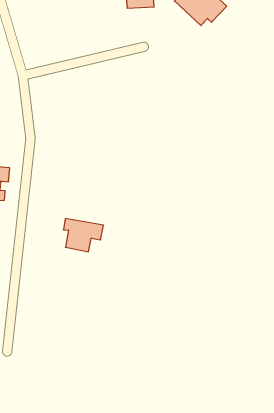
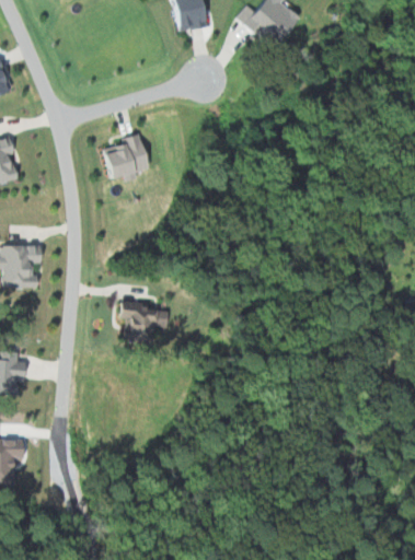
building: none -> [102,132,152,180]

